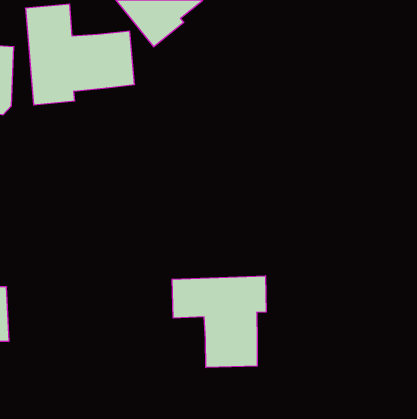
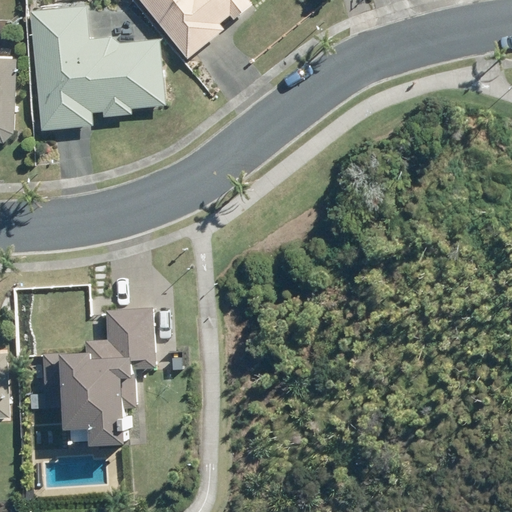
building: none -> [39,308,150,445]
building: [172,276,266,368] -> none

